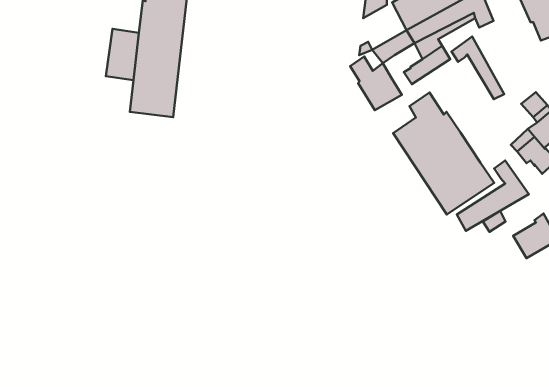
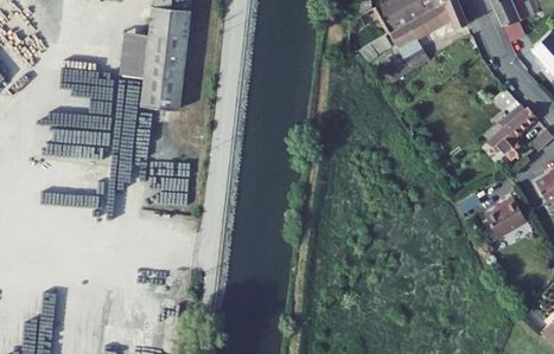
building: [451,36,504,99] -> none
building: [350,57,402,110] -> none
building: [393,93,494,215] -> none
building: [457,160,529,231] -> none

